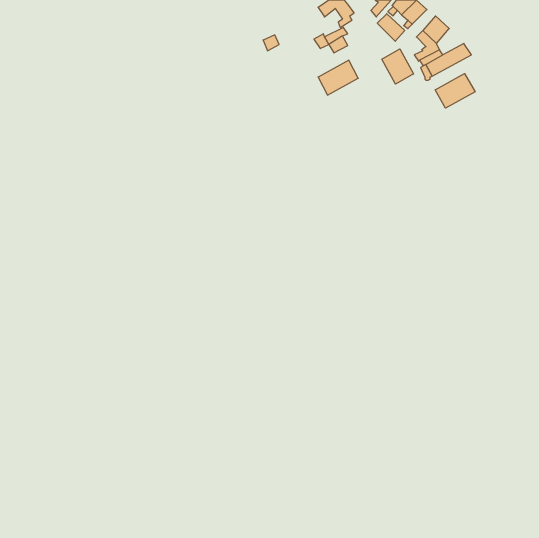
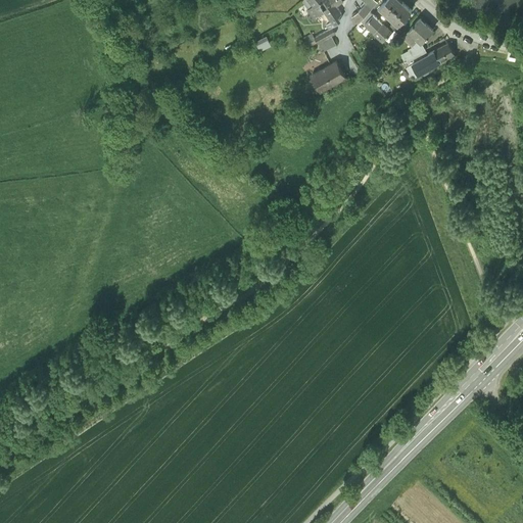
building: [382,49,414,84] -> none
building: [435,74,475,108] -> none

